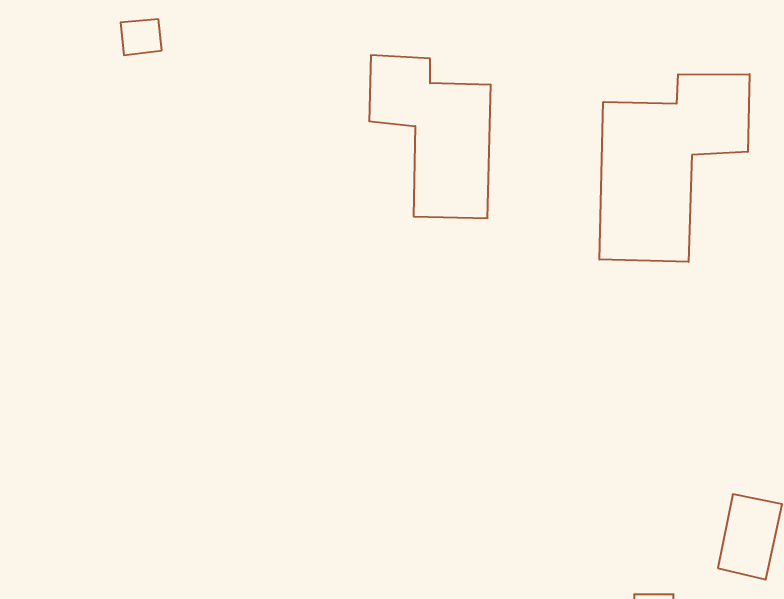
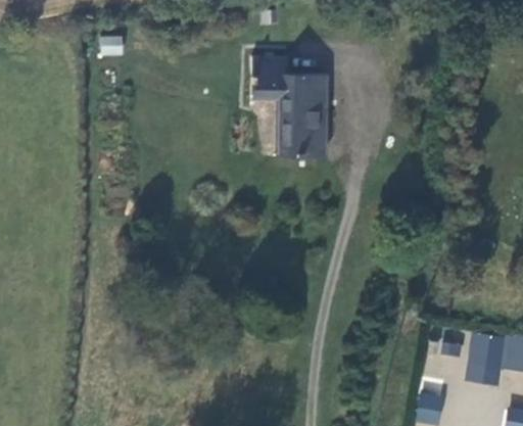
building: [599,74,750,262] -> none

